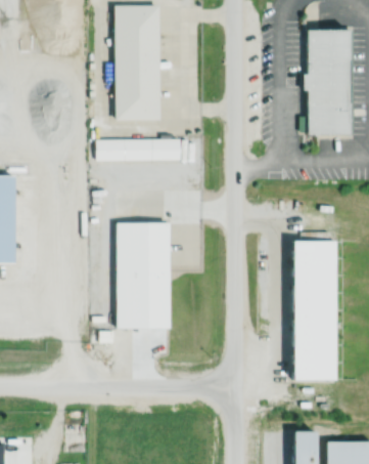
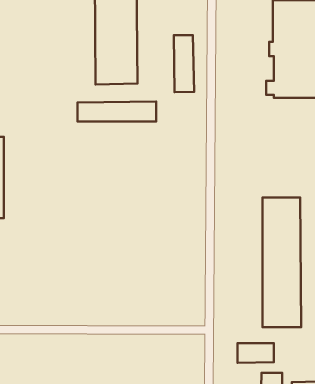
building: none -> [174,35,194,92]
building: [117,223,171,330] -> none
building: none -> [237,343,274,363]

